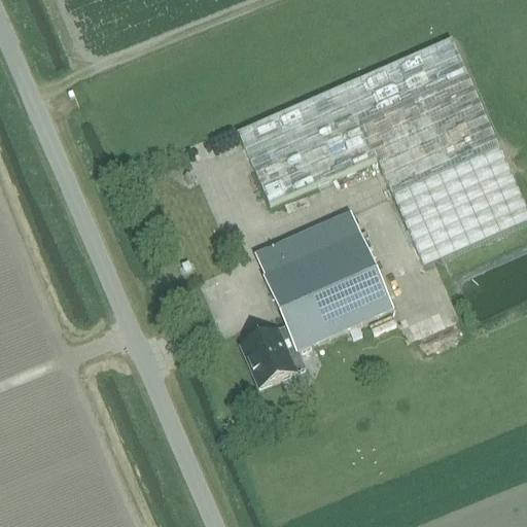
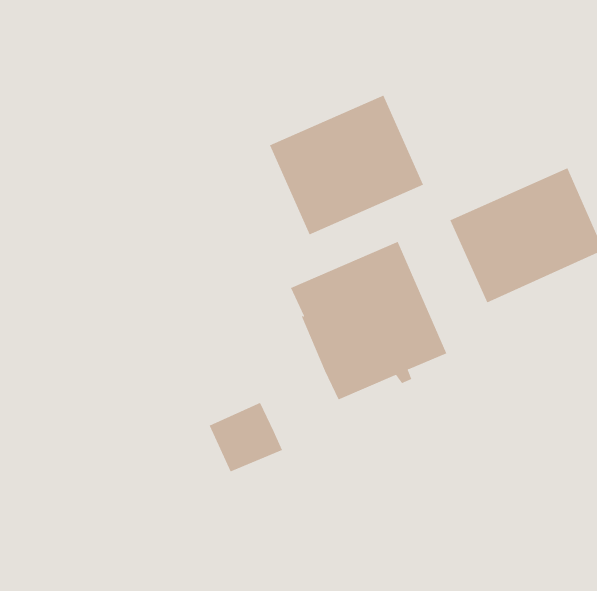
building: [339,34,500,194] -> none
building: [241,326,306,388] -> [209,402,283,472]

